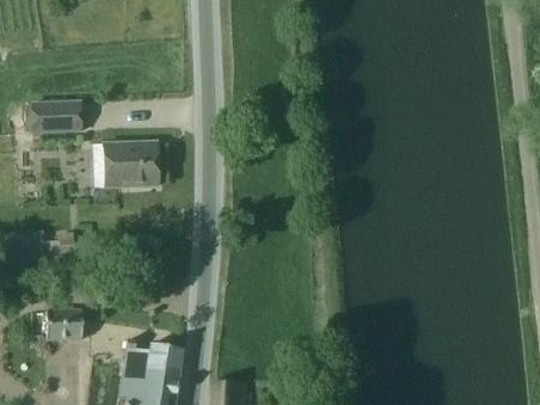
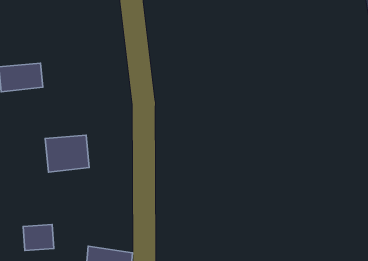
building: [104,143,158,188] -> [45,135,89,172]

